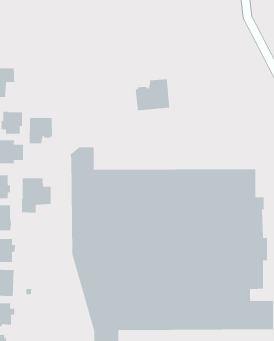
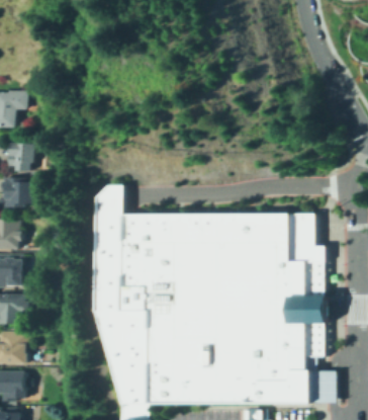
building: [135,79,170,111] -> none
building: [29,117,53,144] -> none
building: [21,178,52,214] -> none

